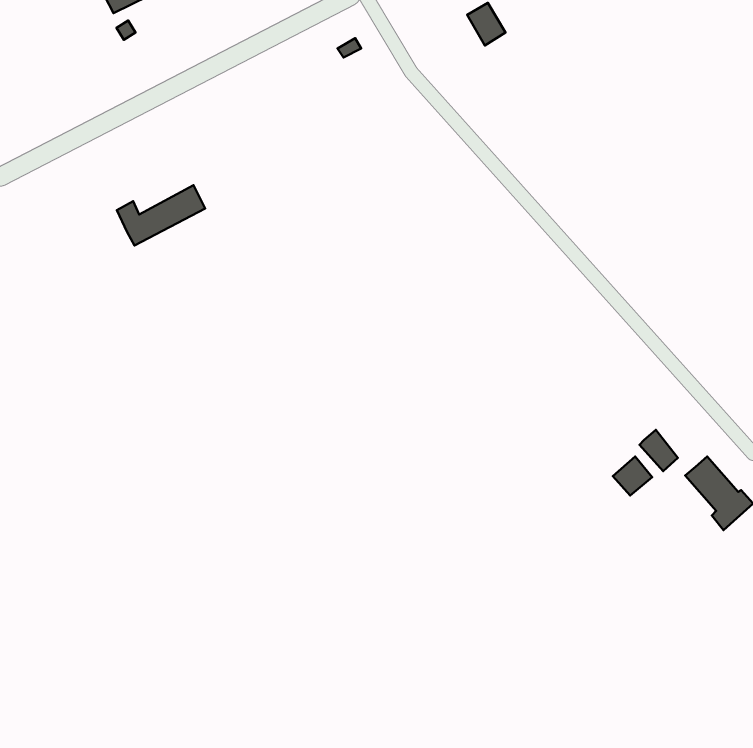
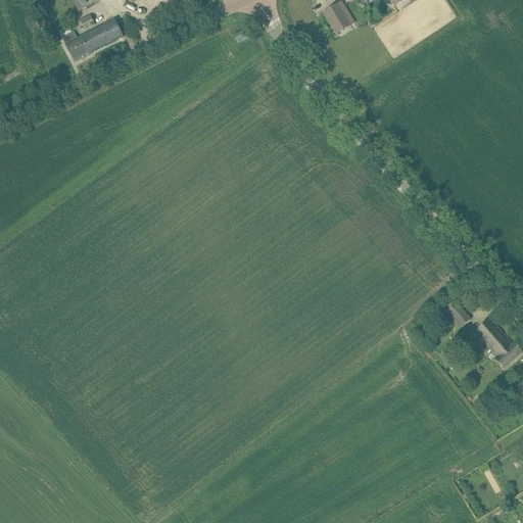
building: [117,185,205,245] -> [62,18,124,60]
building: [613,456,652,496] -> none

